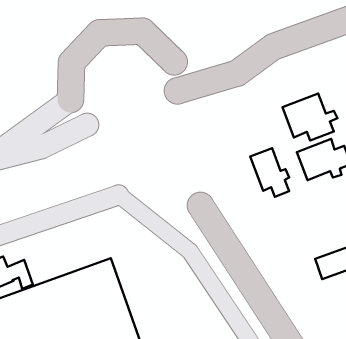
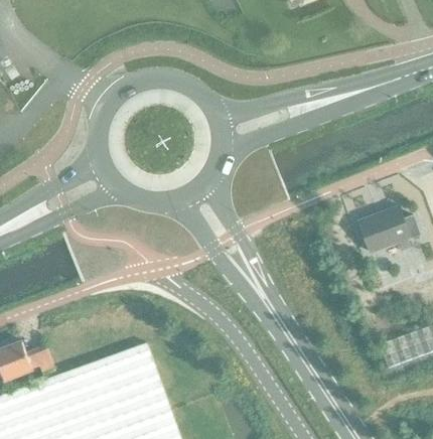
building: [282,93,337,140] -> none
building: [250,148,289,197] -> none

